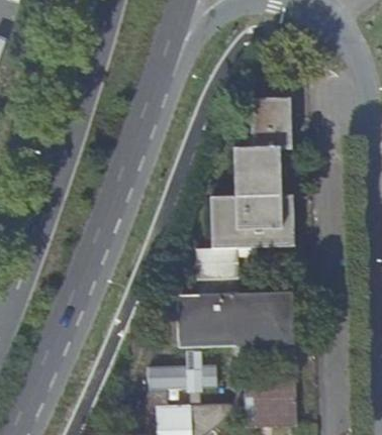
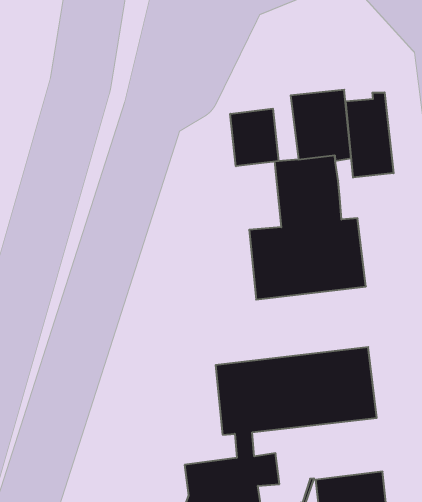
building: none -> [346,92,394,178]
building: none -> [230,109,279,166]

